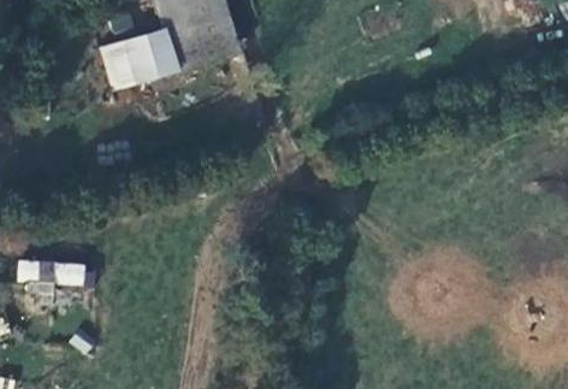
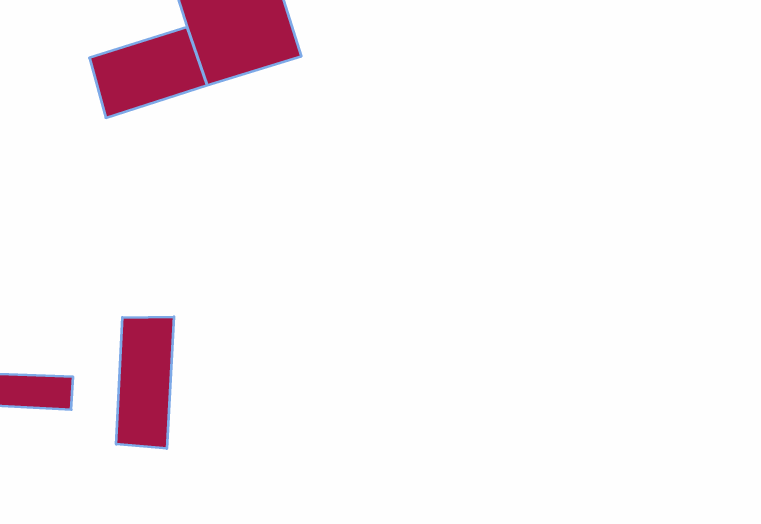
building: none -> [116,317,174,449]

